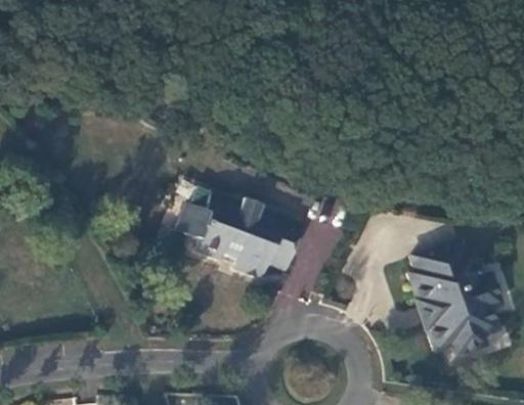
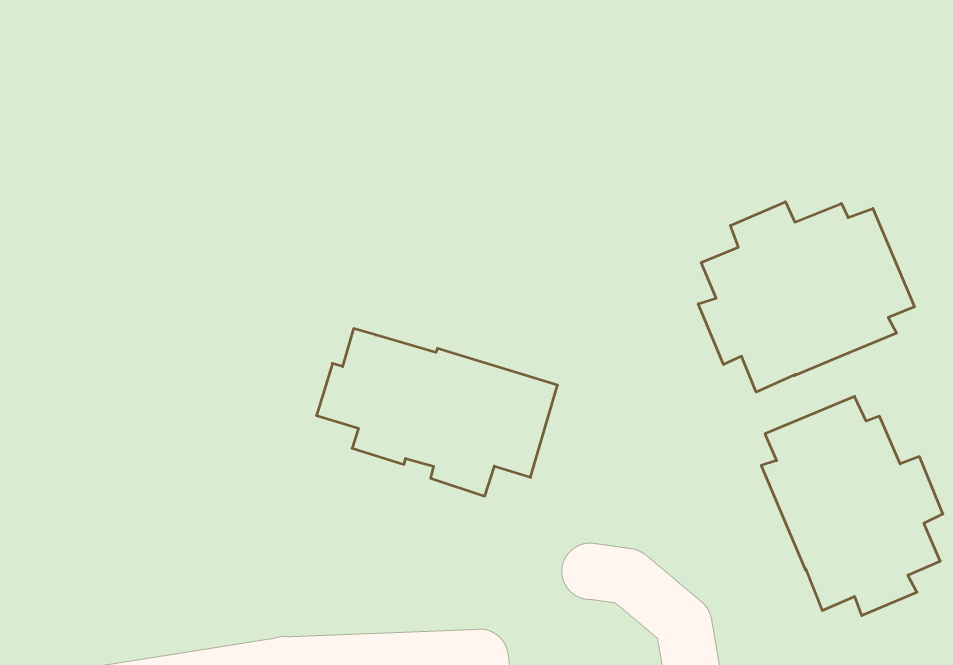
building: none -> [698,202,914,392]

